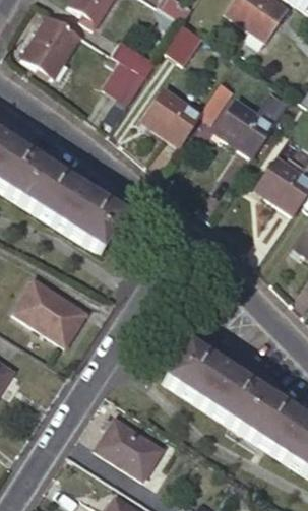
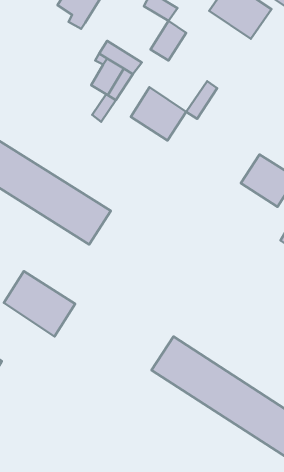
building: [22,16,80,78] -> none
building: [217,102,273,156] -> none
building: [97,419,164,481] -> none

